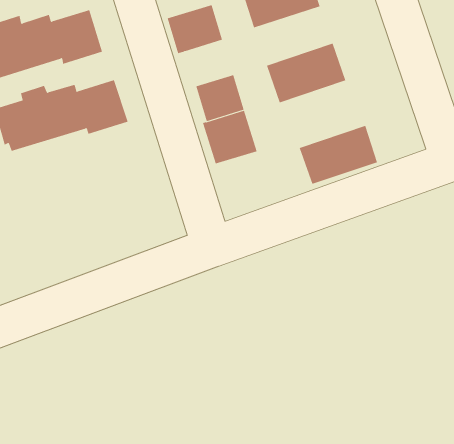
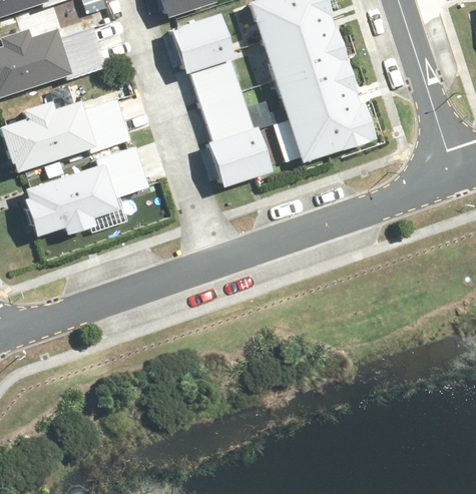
building: none -> [264,22,345,82]
building: none -> [193,56,244,103]
building: [299,125,378,184] -> [290,97,370,157]
building: none -> [24,145,155,234]

